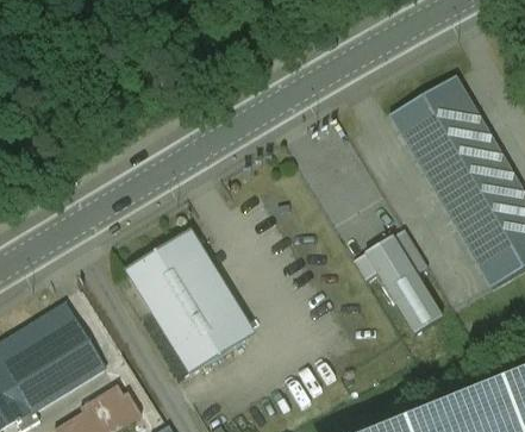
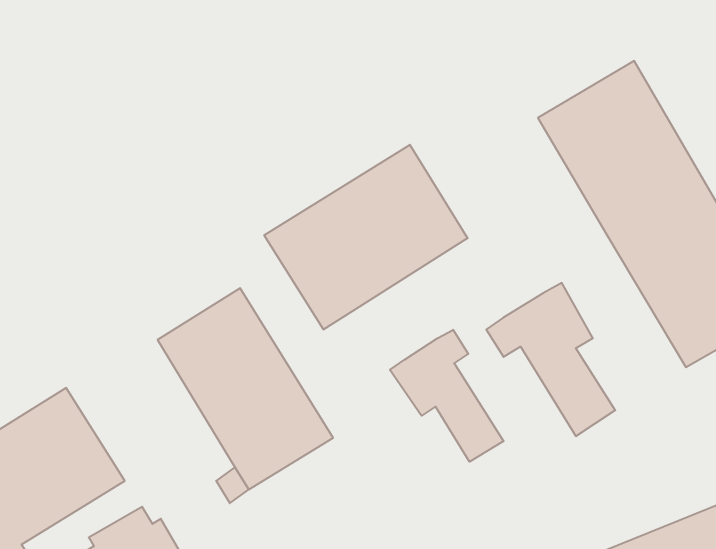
building: none -> [264,145,468,330]
building: none -> [390,330,504,462]

